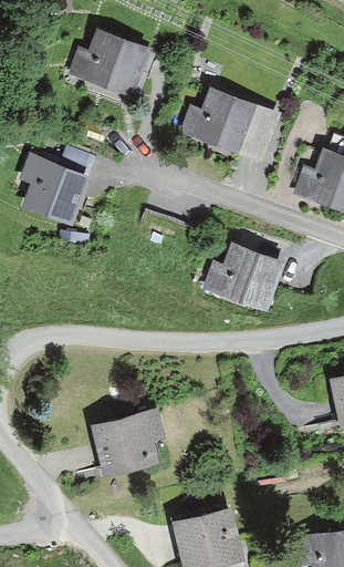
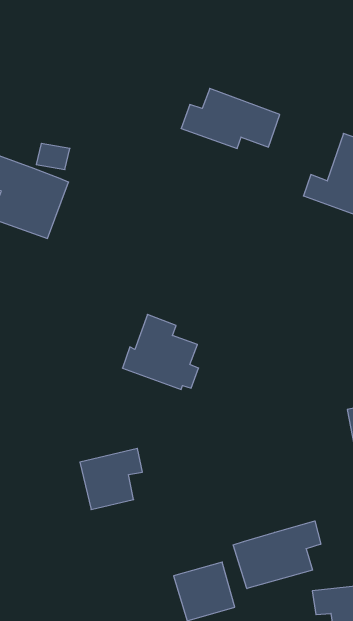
building: [73,39,149,92] -> none
building: [206,244,273,310] -> [122,314,199,389]
building: none -> [233,521,321,589]

